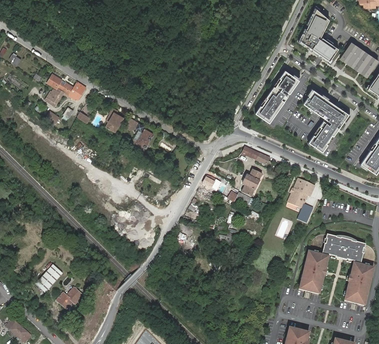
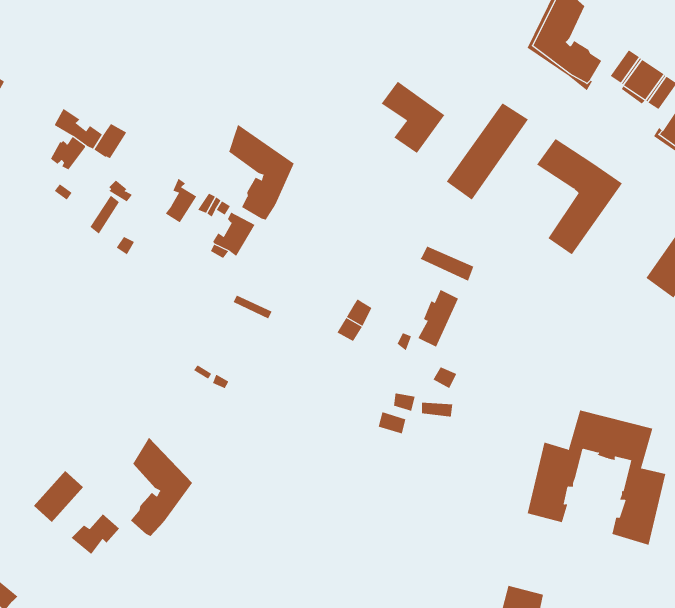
building: none -> [381,81,445,154]
building: none -> [228,124,294,220]
building: [288,178,314,222] -> none
building: none -> [130,437,193,537]

